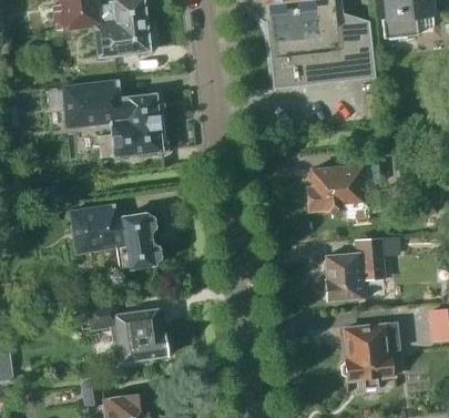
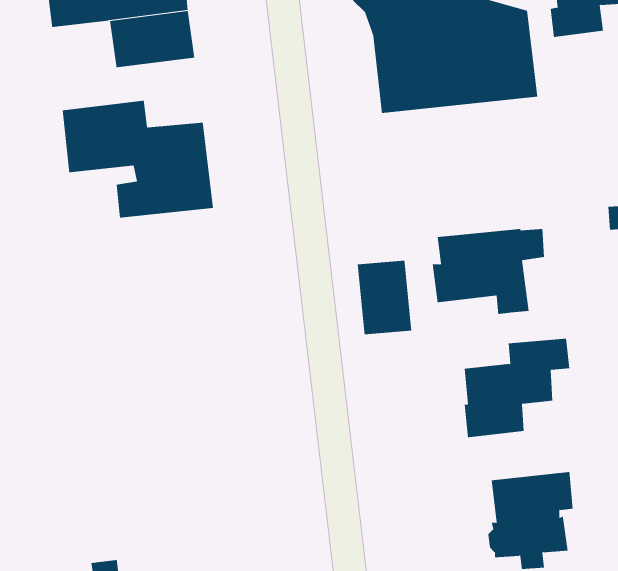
building: none -> [357,260,412,335]
building: [69,205,161,271] -> none
building: [86,302,167,361] -> none

